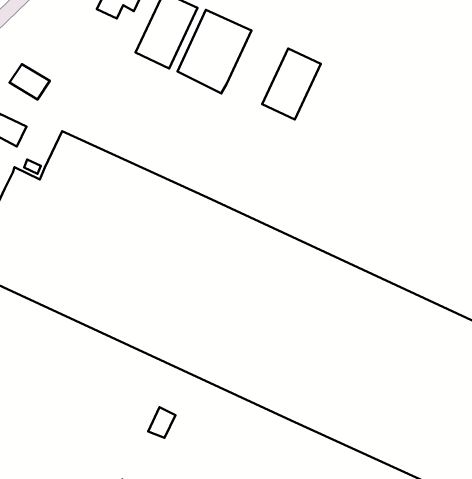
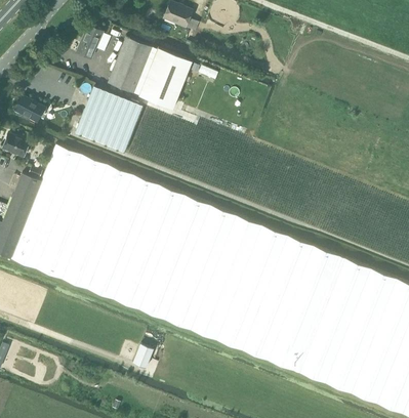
building: [262,49,321,119] -> none
building: none -> [76,86,144,153]

